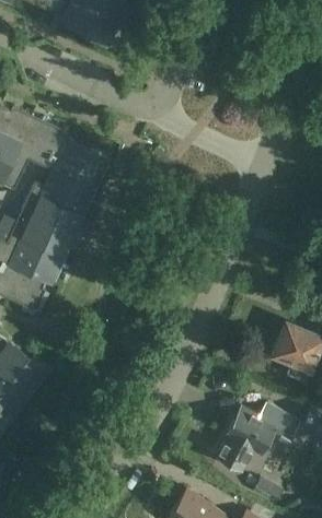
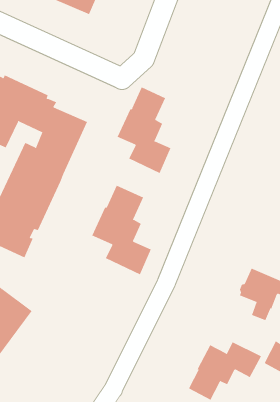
building: none -> [117,87,171,174]
building: none -> [92,185,151,275]

